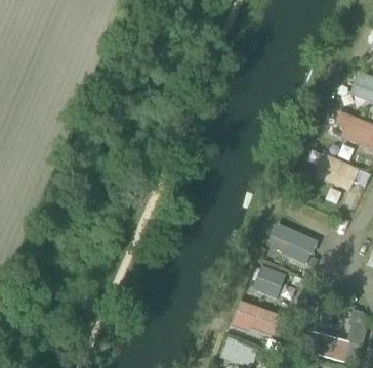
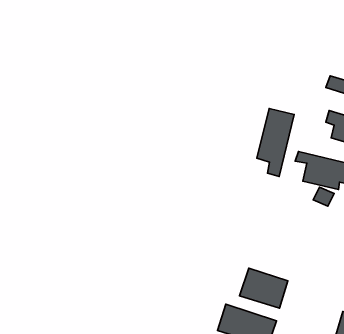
building: none -> [257,108,294,177]
building: [265,223,320,266] -> none

